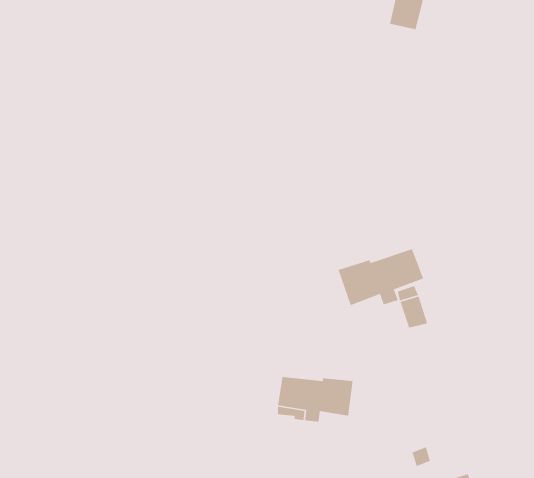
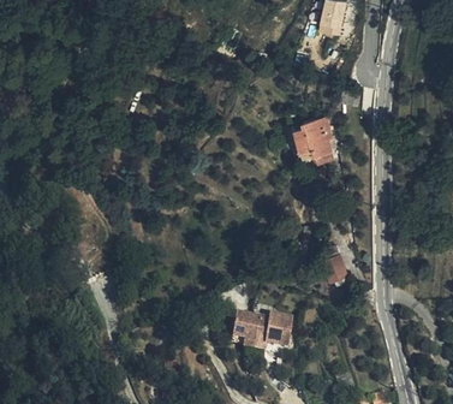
building: none -> [296,113,335,160]
building: [337,248,424,306] -> none

